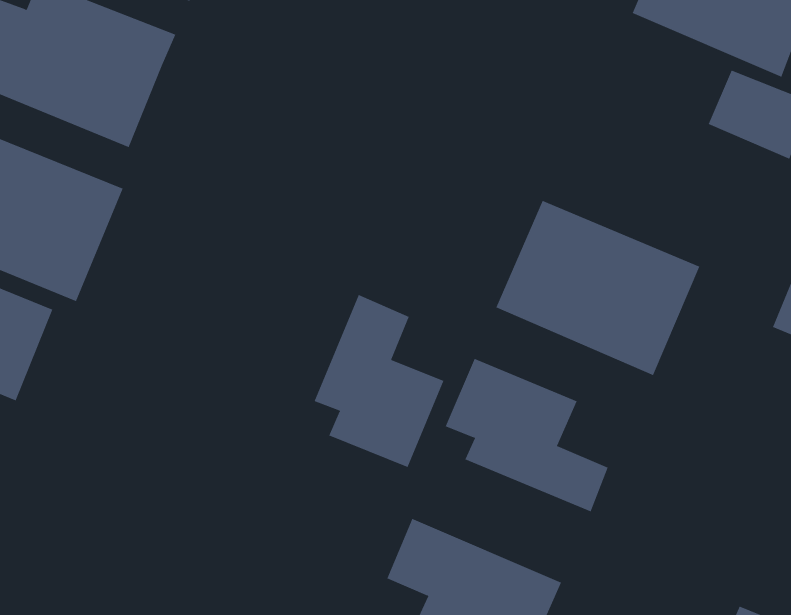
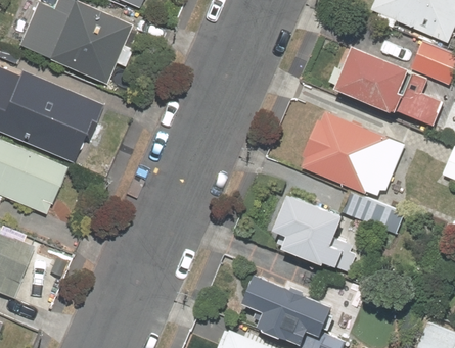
building: none -> [335,48,442,127]
building: [314,294,444,468] -> none

